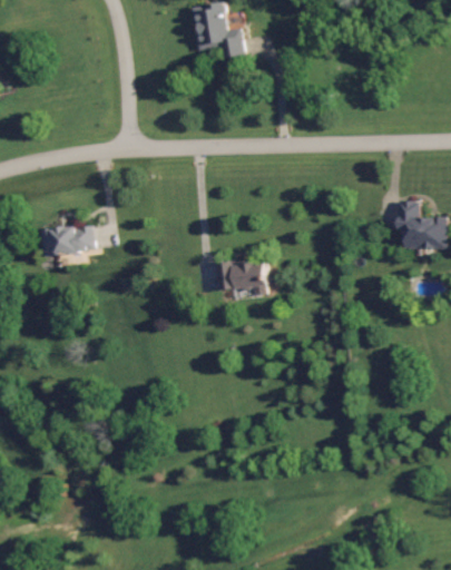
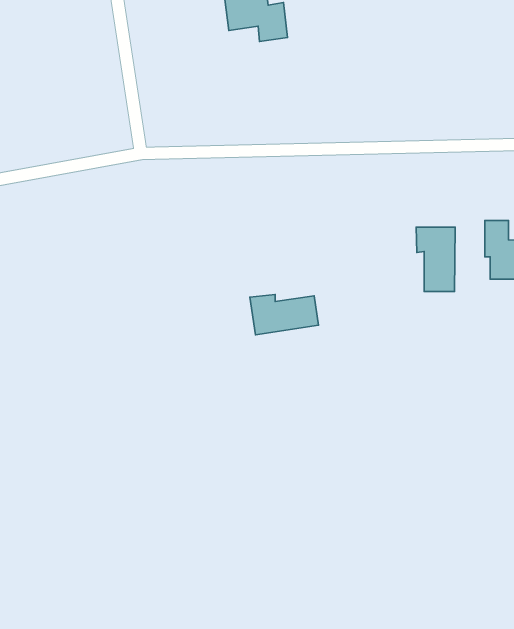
building: none -> [416,227,455,292]
building: [40,224,95,257] -> none

